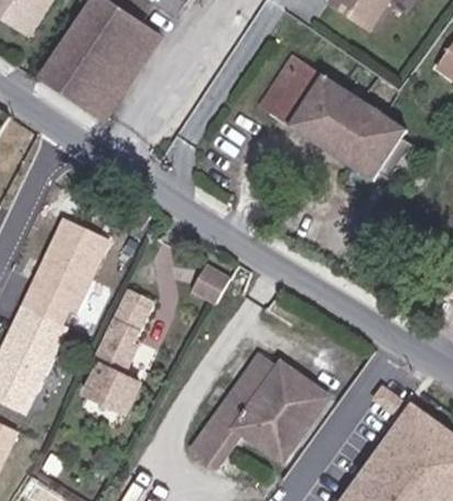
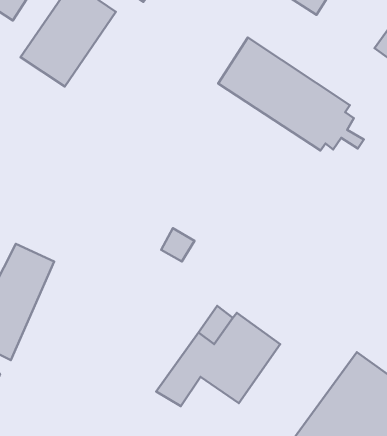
building: [86,24,160,120] -> none
building: [31,200,114,304] -> none
building: [84,290,150,414] -> none

